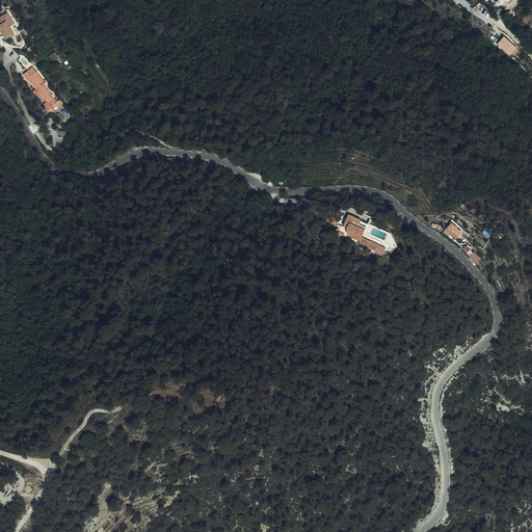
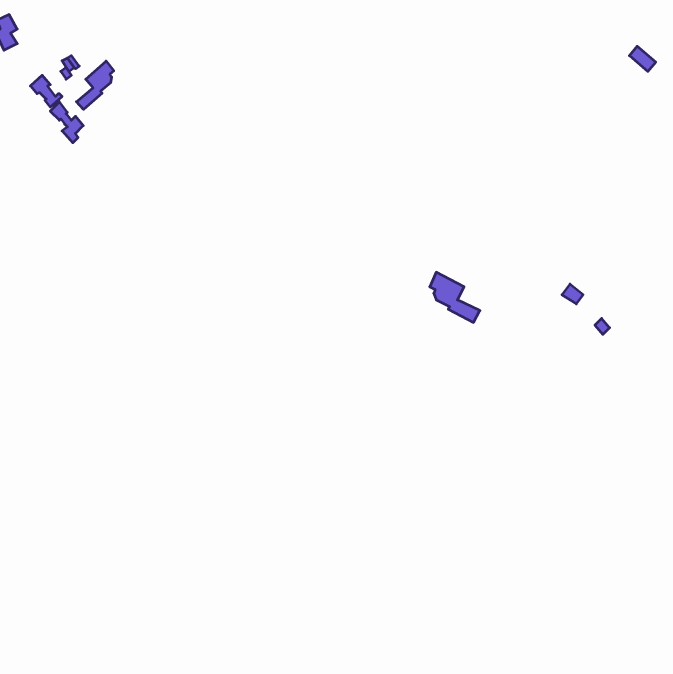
building: none -> [76,61,114,109]

